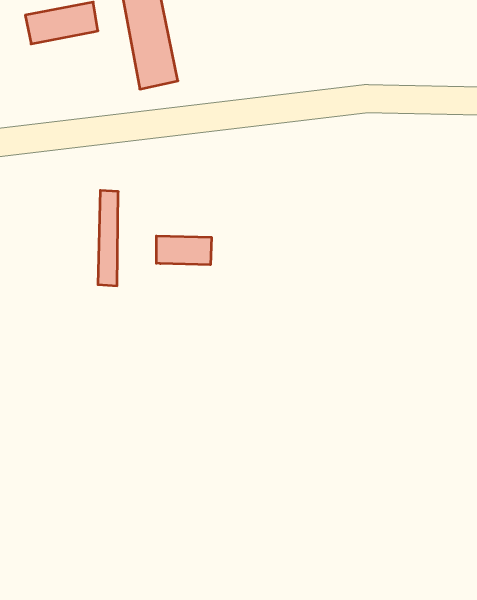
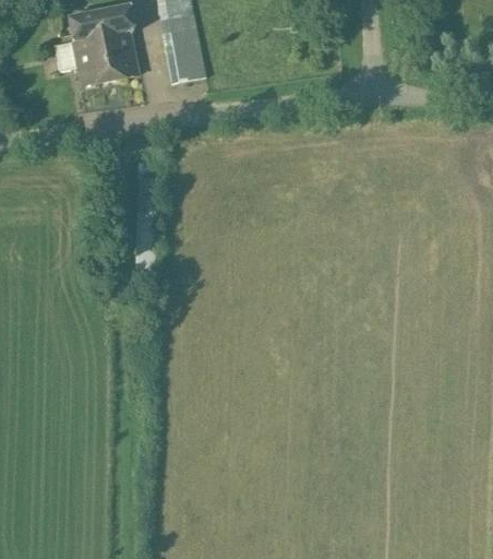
building: none -> [72,31,137,84]
building: [156,236,211,265] -> none

